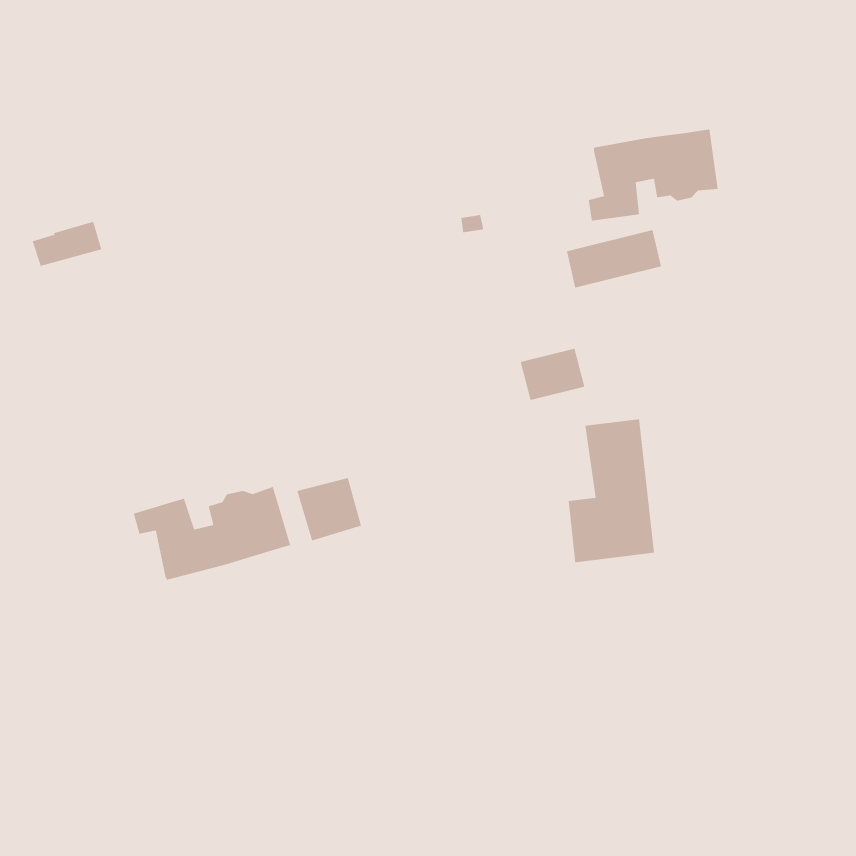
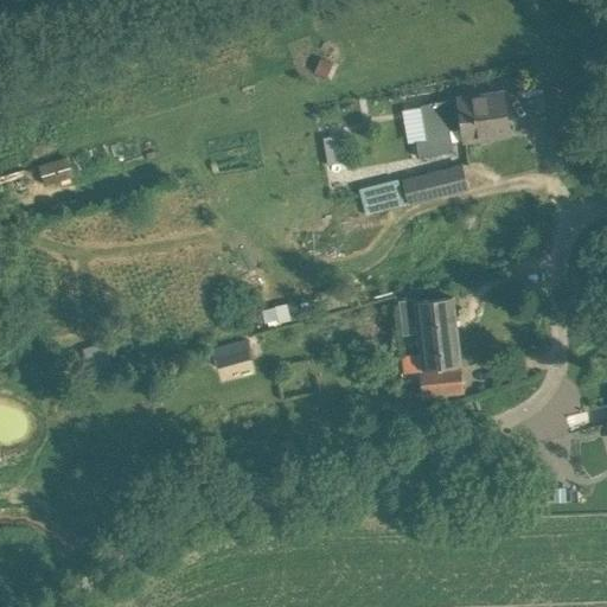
building: [520,348,585,400] -> [358,178,404,215]
building: [133,486,291,580] -> none

